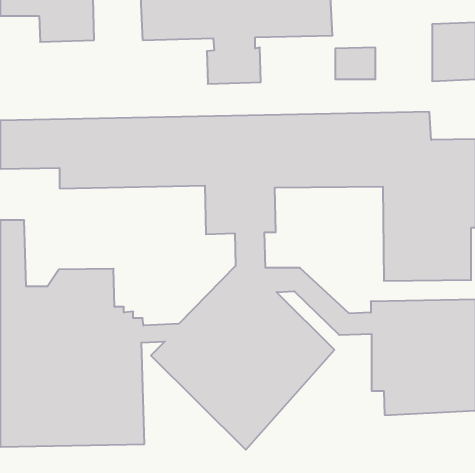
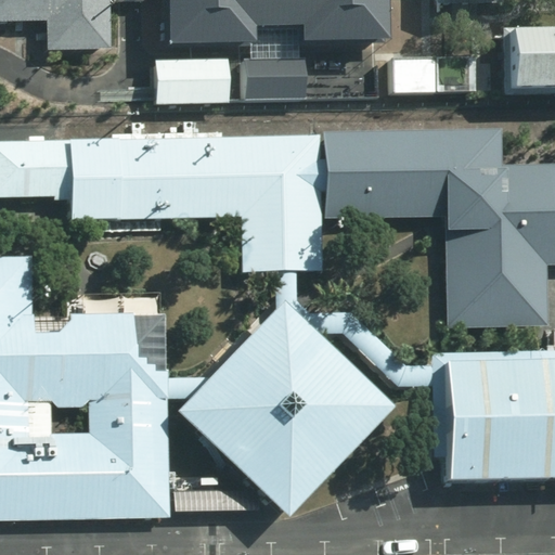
building: none -> [154,55,228,102]

